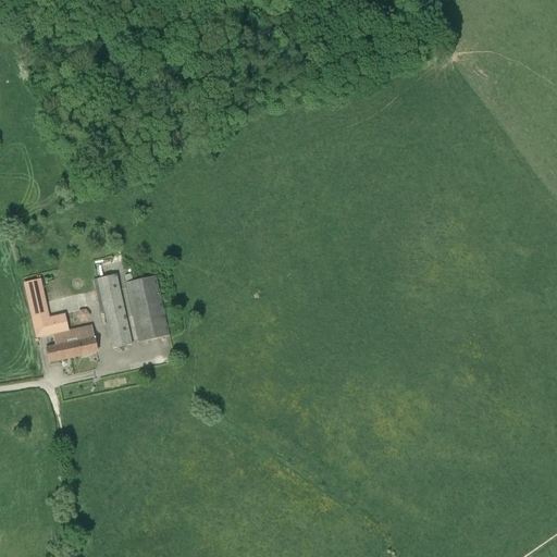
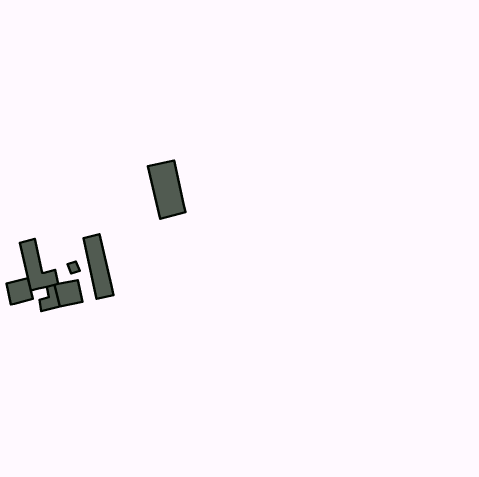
building: [125,274,169,342] -> [148,161,185,219]
building: none -> [7,278,33,305]

